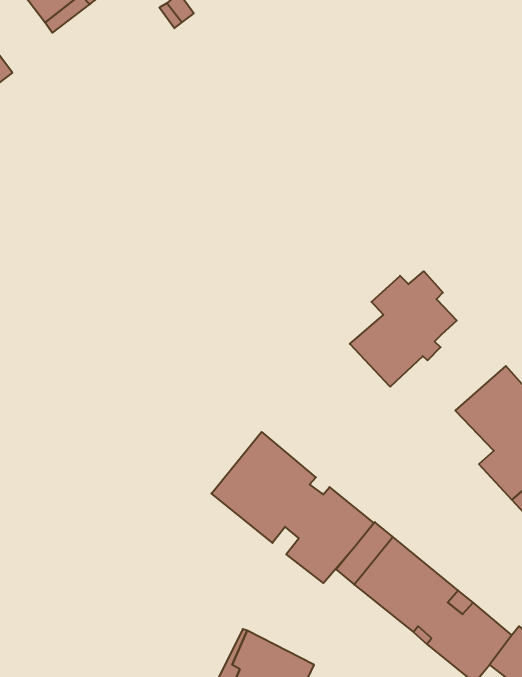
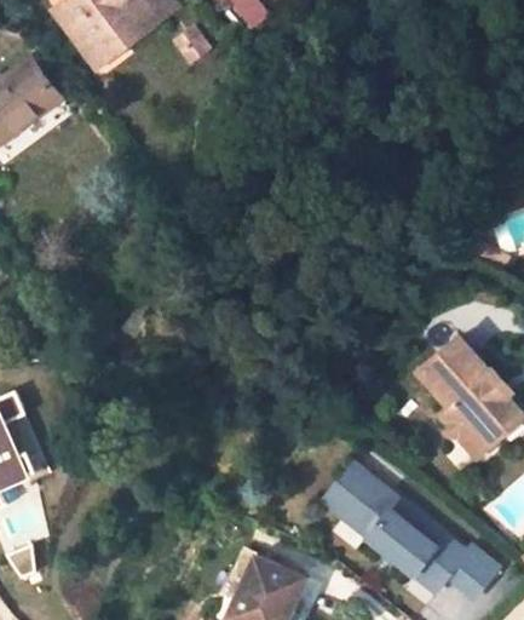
building: [350,271,457,387] -> none
building: [211,432,374,583] -> none

